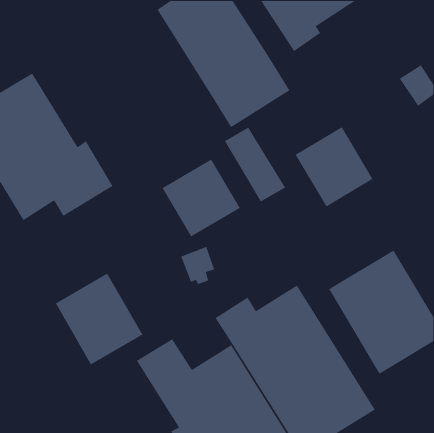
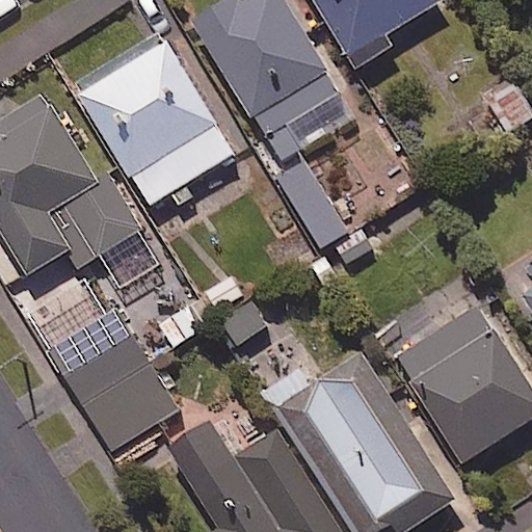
building: none -> [75,32,230,211]
building: [295,126,374,208] -> none
building: [161,158,241,237] -> none
building: none -> [28,271,131,373]

